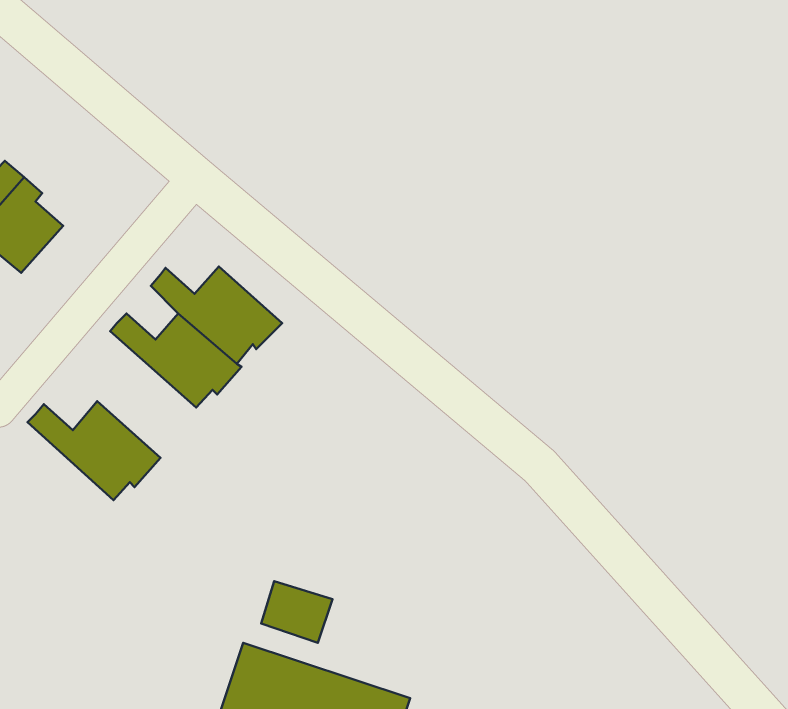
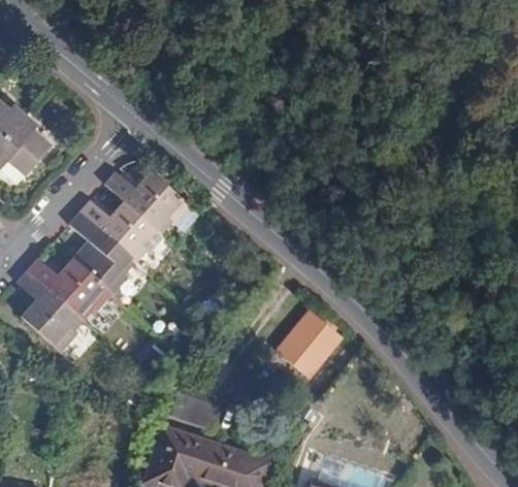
building: none -> [70,214,135,294]
building: none -> [18,271,83,353]
building: none -> [265,323,330,390]

